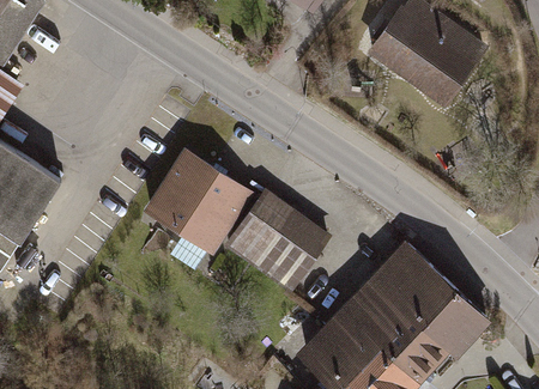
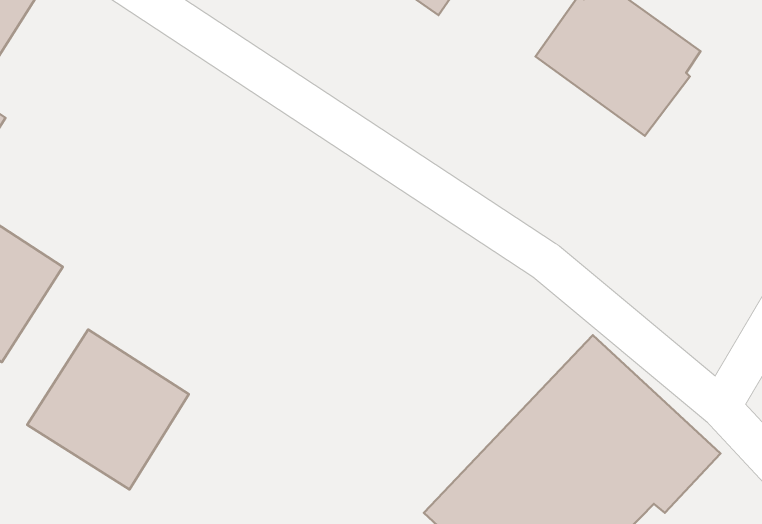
building: [143,151,250,257] -> [27,330,189,489]
building: [226,189,331,290] -> none

